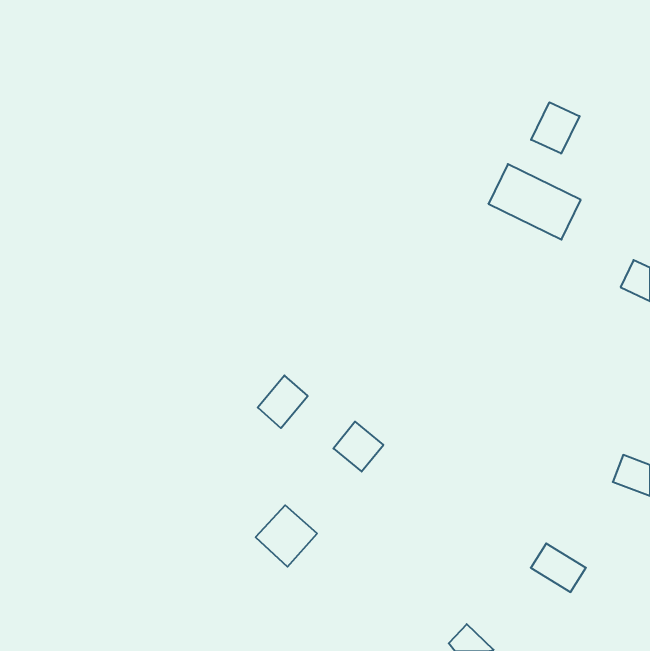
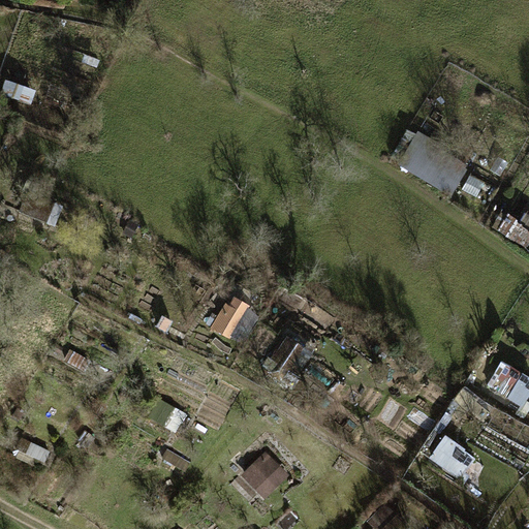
building: [531,102,580,154] -> none
building: [256,505,317,567] -> [240,449,289,499]

